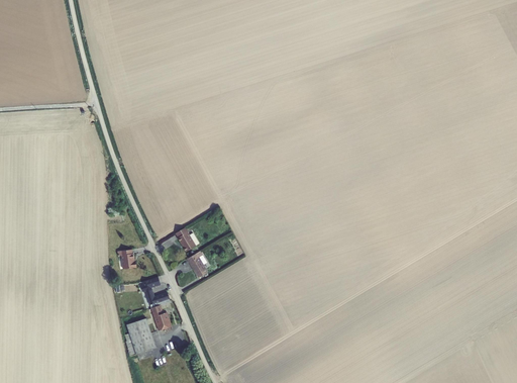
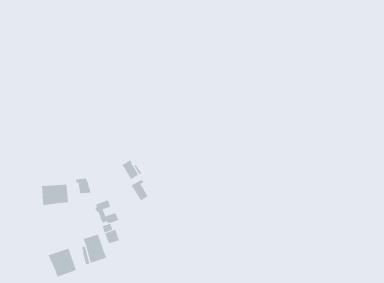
building: none -> [42,184,69,206]
building: none -> [48,248,77,277]

